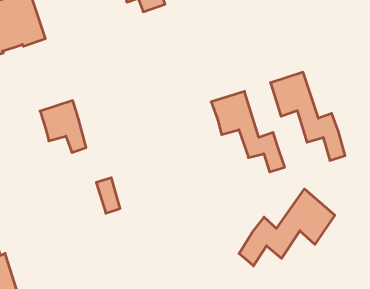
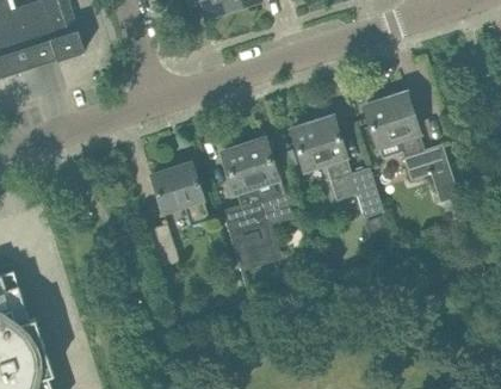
building: [40,101,86,152] -> [151,161,209,226]
building: none -> [223,137,278,265]
building: [239,189,335,266] -> none

